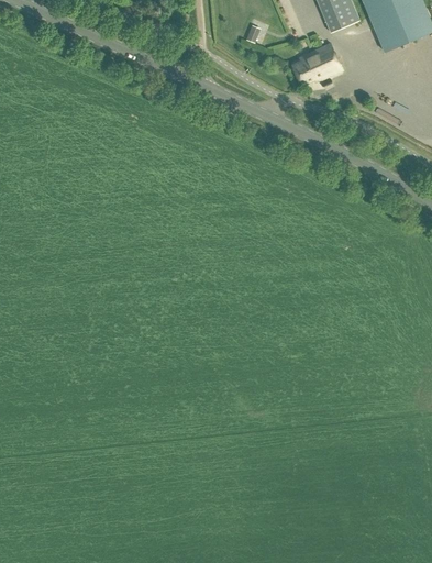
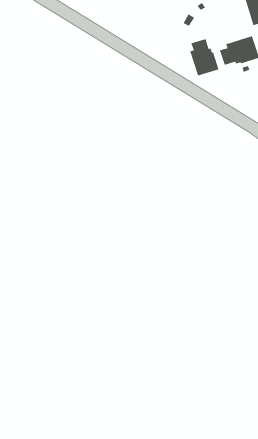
building: none -> [189,38,220,77]

